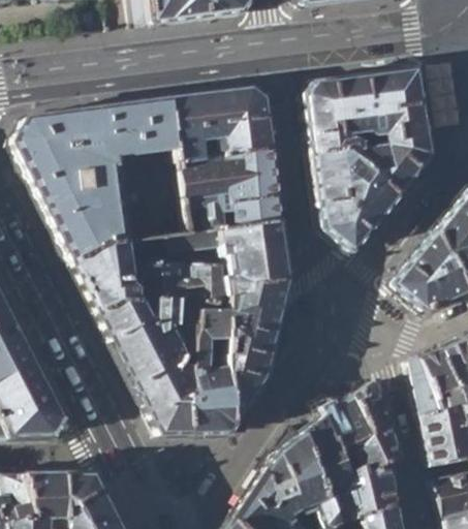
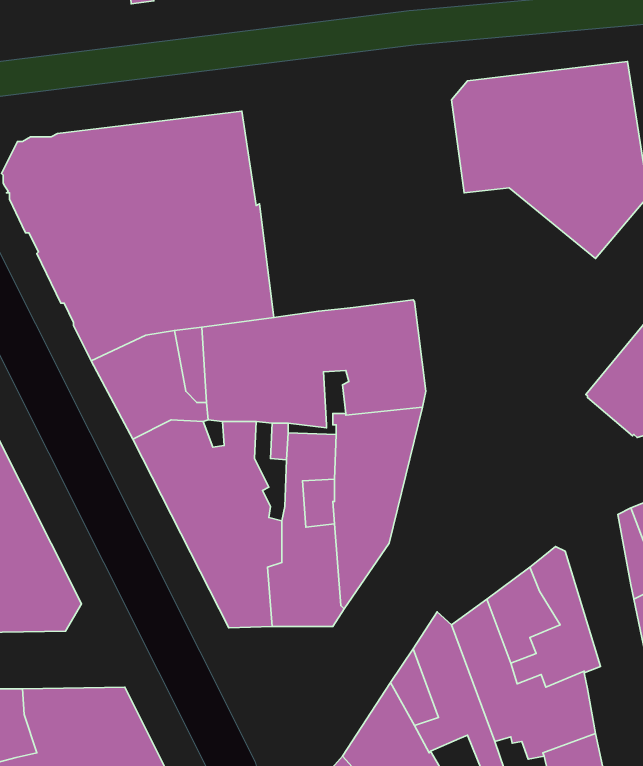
building: [169,89,282,234] -> none
building: [313,150,398,250] -> none

